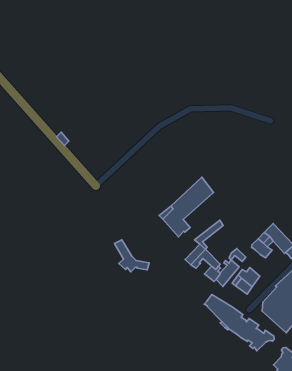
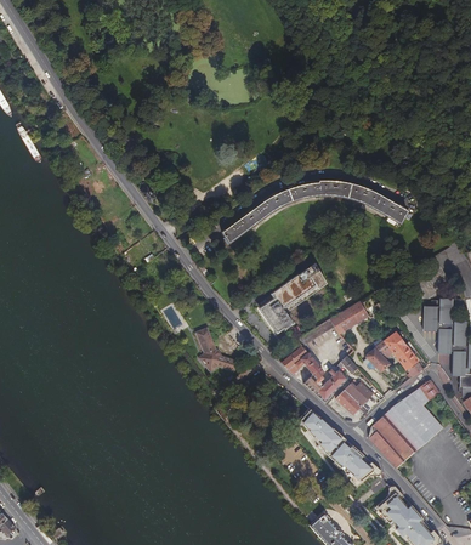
building: none -> [222,180,408,242]
building: none -> [330,301,368,334]

